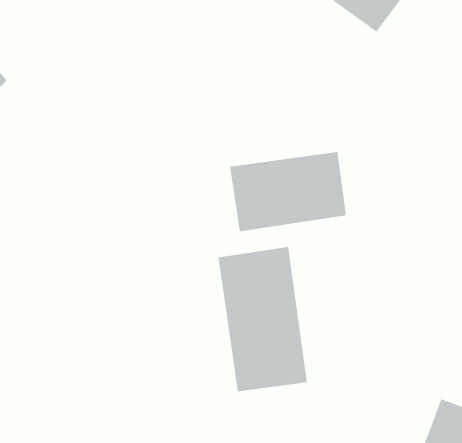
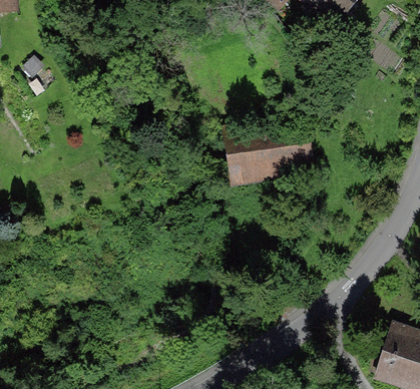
building: [218,246,307,392] -> none

